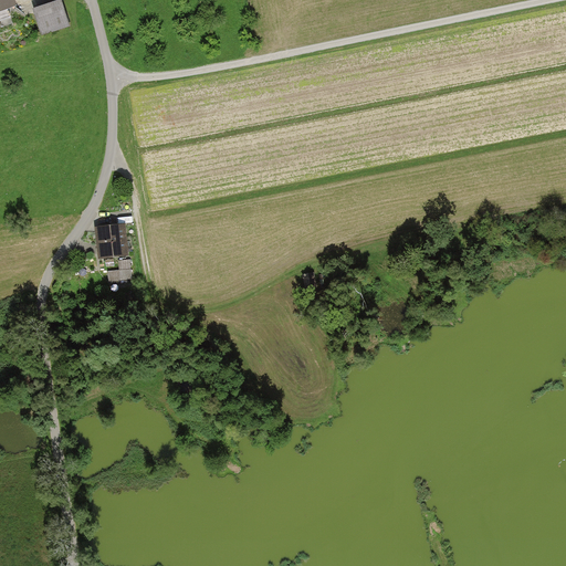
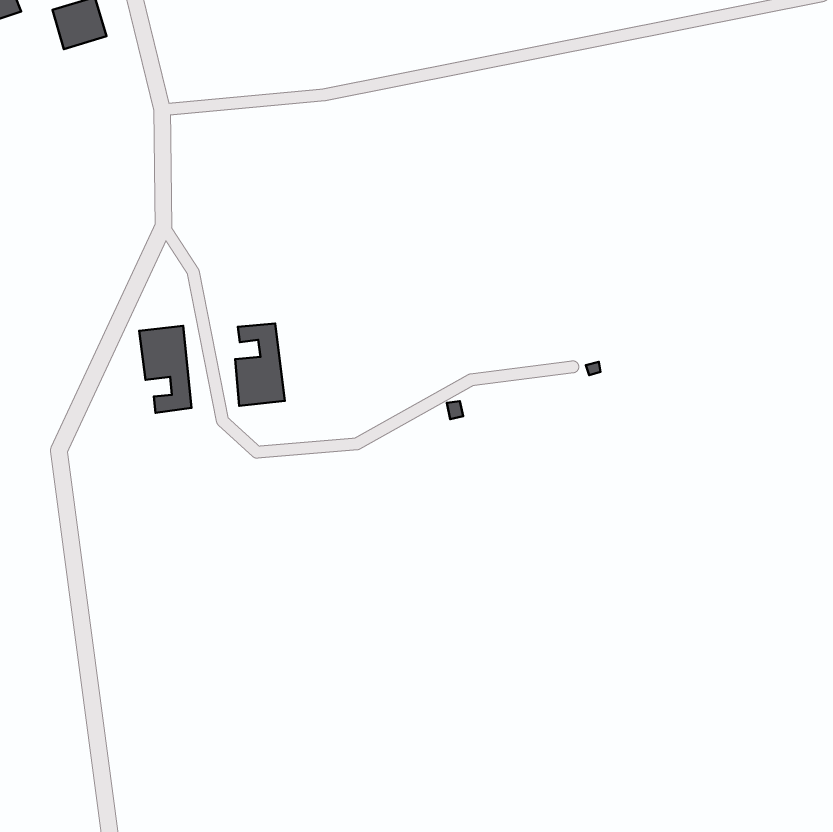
building: none -> [235,324,285,406]

